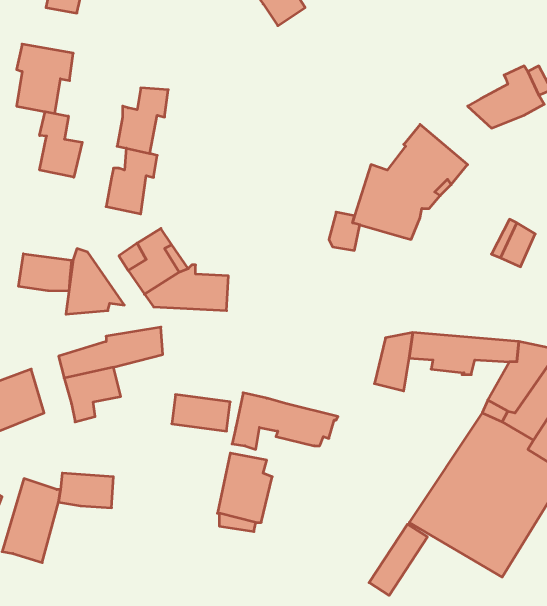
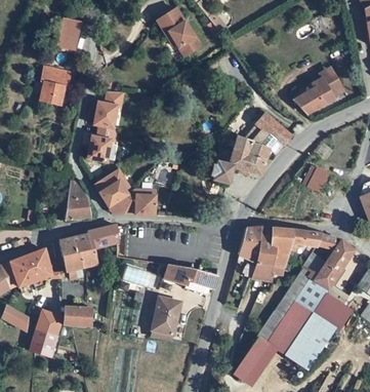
building: [40,112,82,177] -> none
building: [19,254,72,291] -> none
building: none -> [251,242,289,276]

